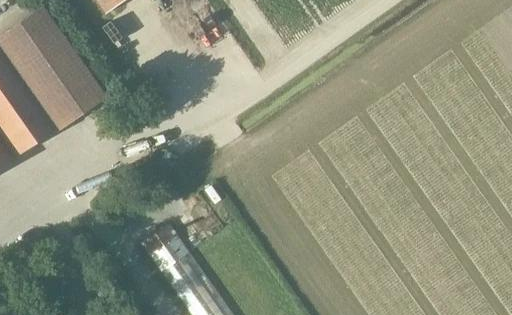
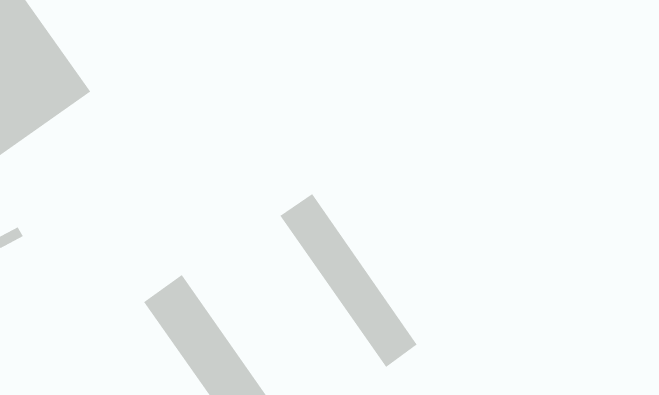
building: none -> [279,193,417,368]

